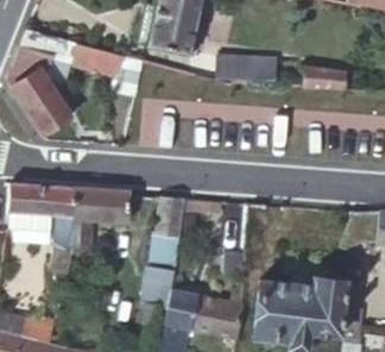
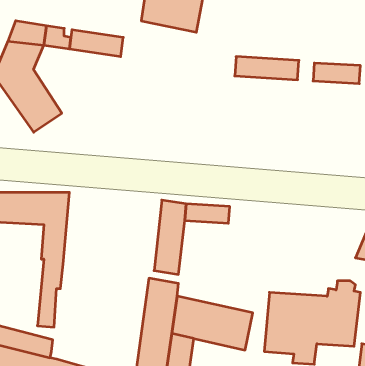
building: [70,189,130,257] -> none

